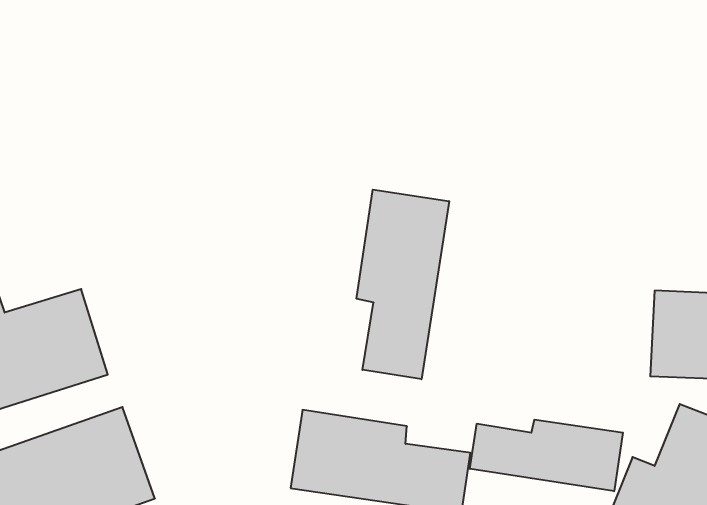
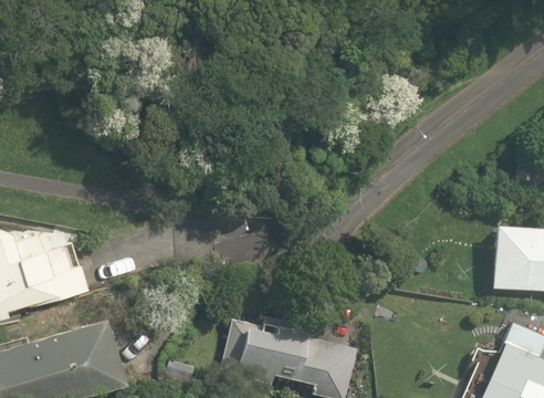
building: [357,190,449,379] -> none
building: [470,420,623,491] -> none

